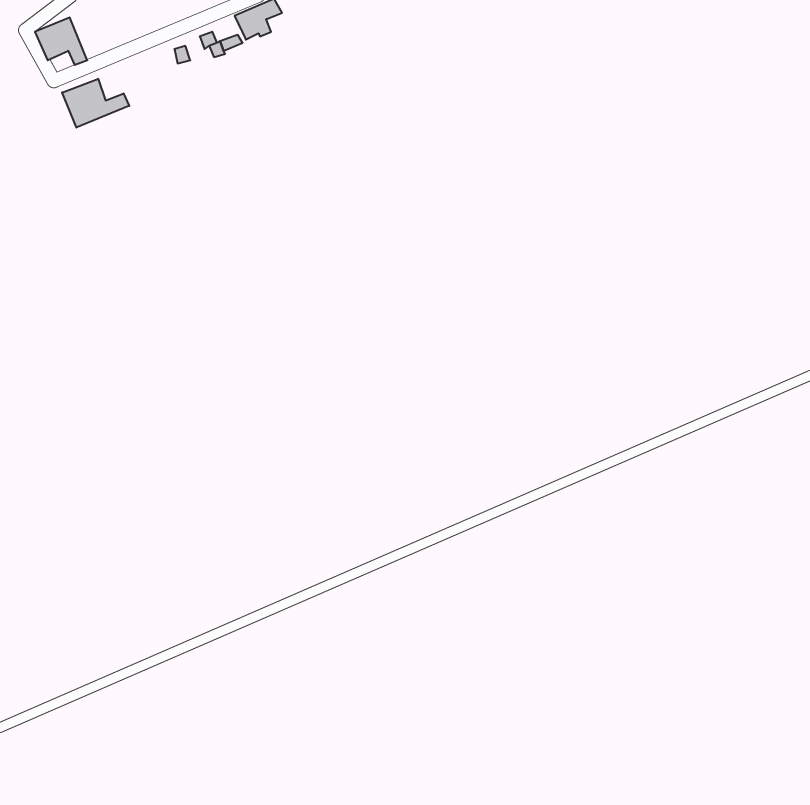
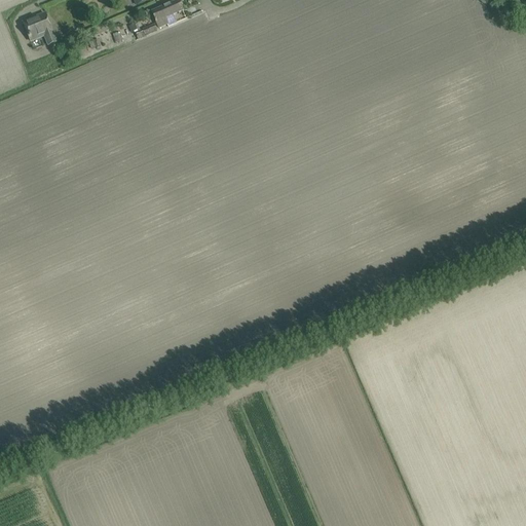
building: [62,79,129,128] -> none

